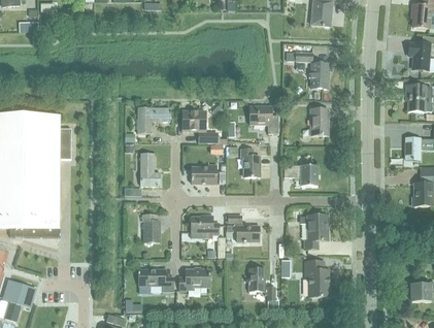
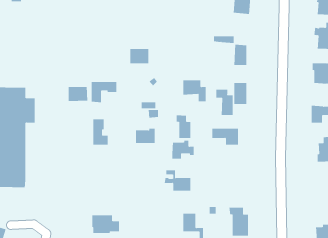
building: [181,110,205,129] -> [129,49,149,64]
building: none -> [68,86,88,102]
building: none -> [216,89,233,116]
building: [141,215,159,243] -> none
building: [190,215,218,237] -> [171,140,194,159]
building: [299,215,327,249] -> none
building: [178,269,209,290] -> none

